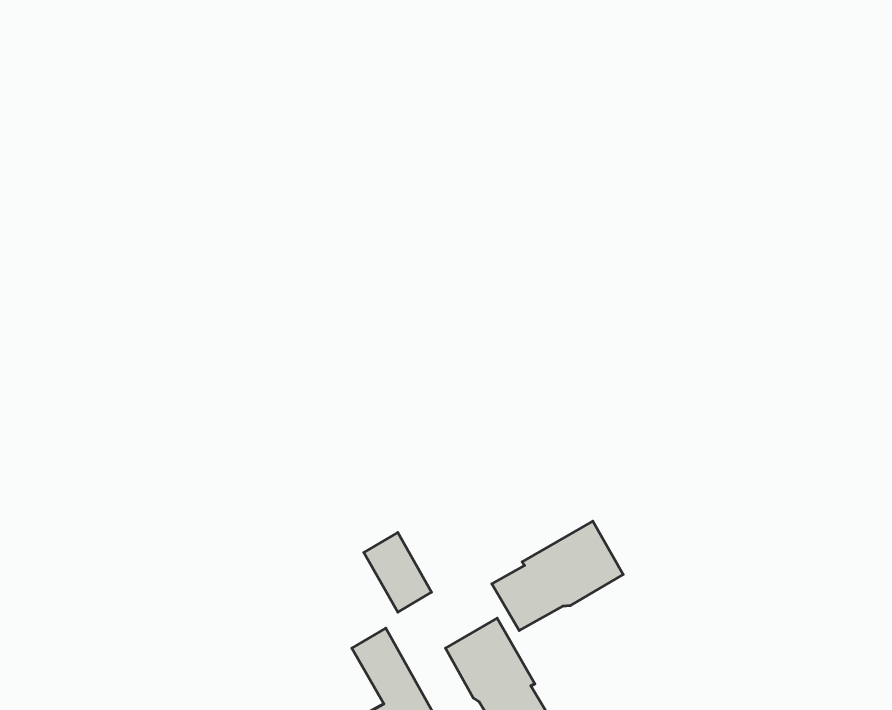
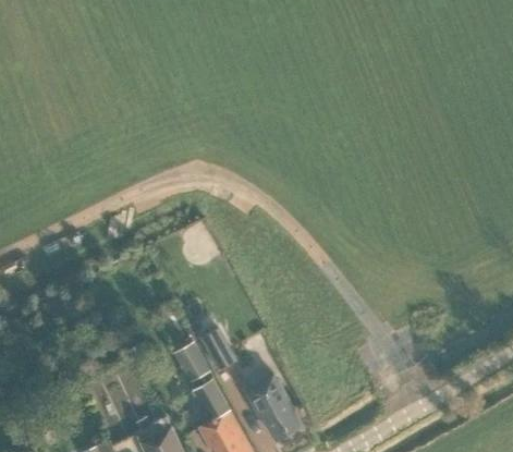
building: [492,521,623,630] -> none
building: none -> [174,342,210,382]

